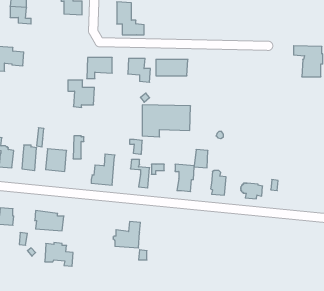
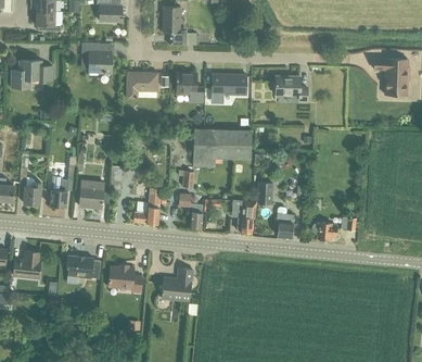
building: none -> [276,75,307,100]
building: [68,80,94,107] -> [81,42,113,75]
building: [45,243,73,266] -> [107,264,141,292]

